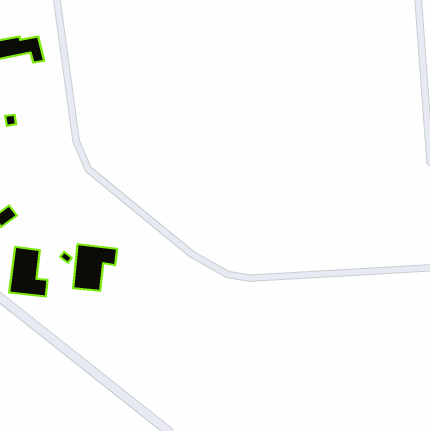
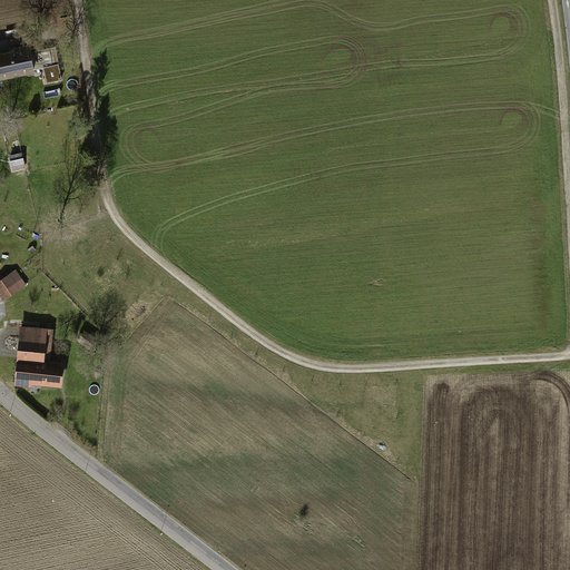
building: [73,244,117,291] -> none

